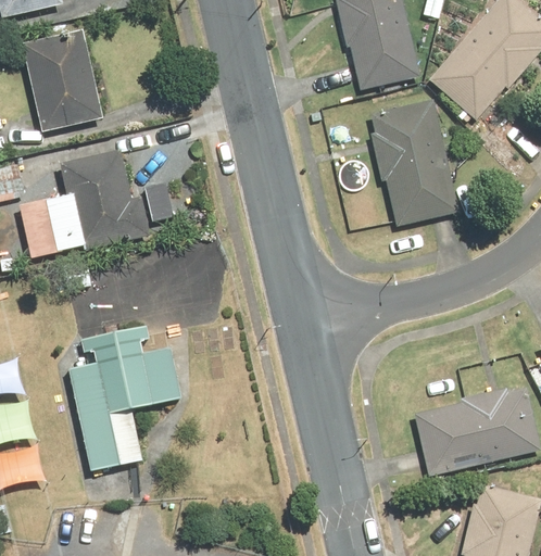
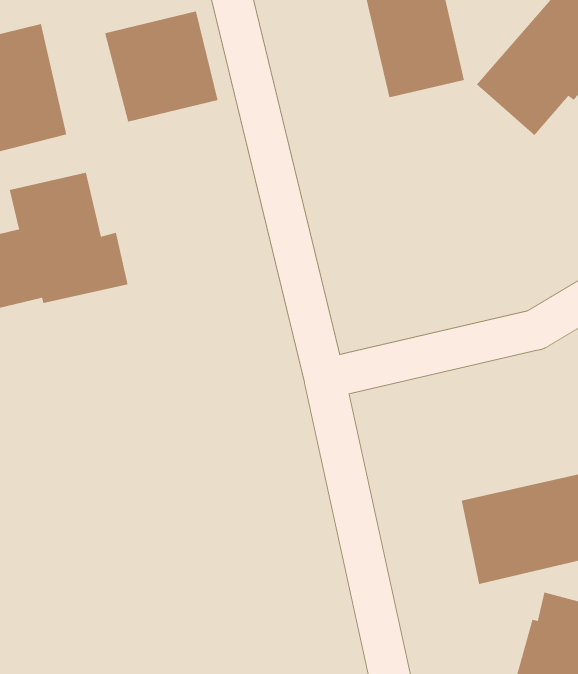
building: none -> [104,10,219,122]
building: [372,102,458,228] -> none
building: [64,326,186,472] -> none

